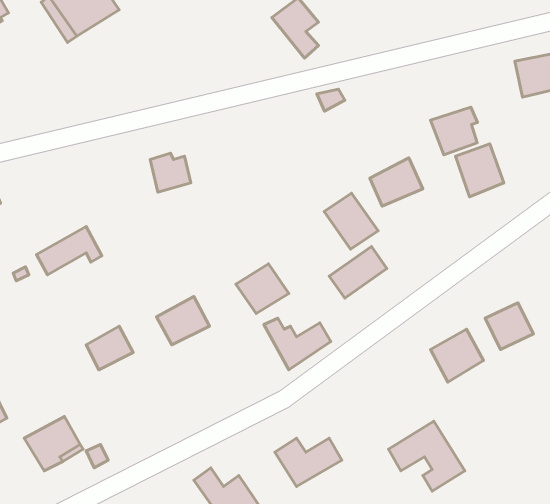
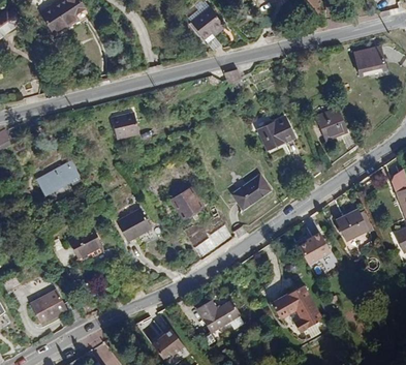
building: [431,107,478,155] -> none
building: [324,193,378,249] -> none

